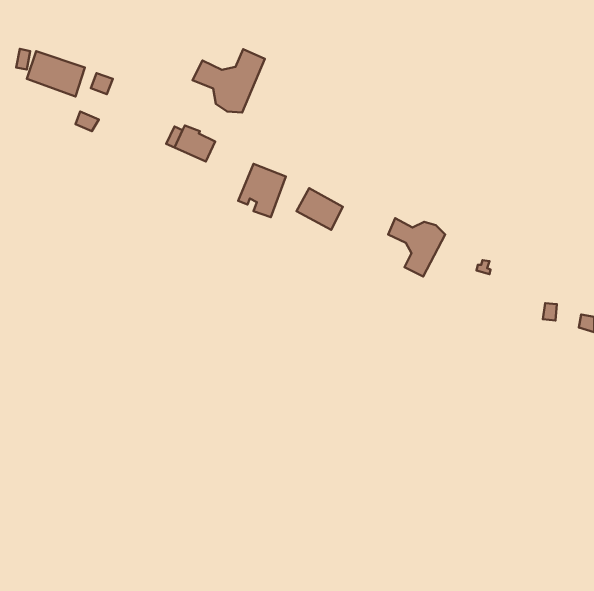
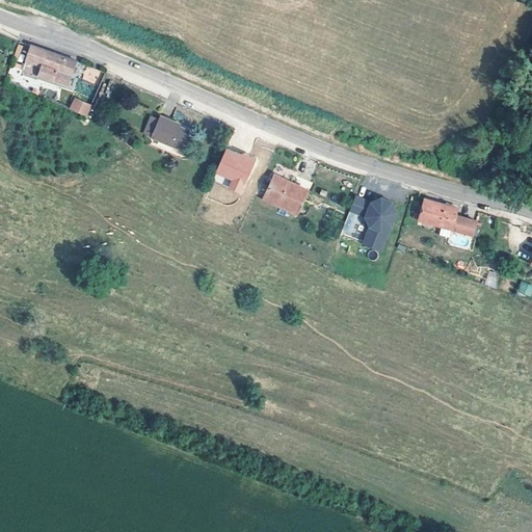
building: [192,49,265,113] -> none
building: none -> [420,202,471,235]

